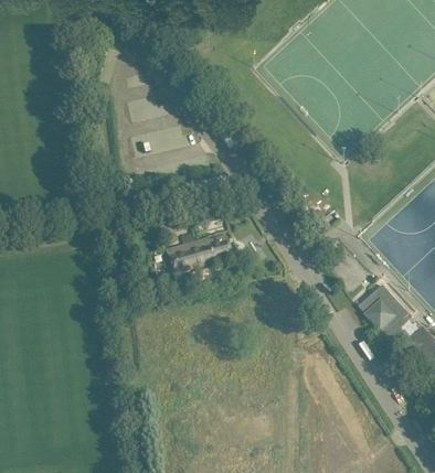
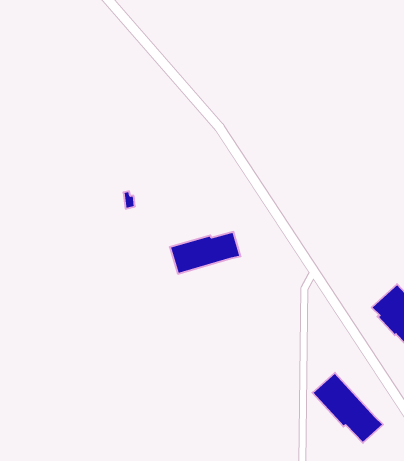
building: none -> [312,373,383,443]

